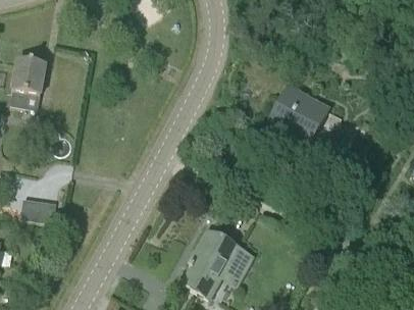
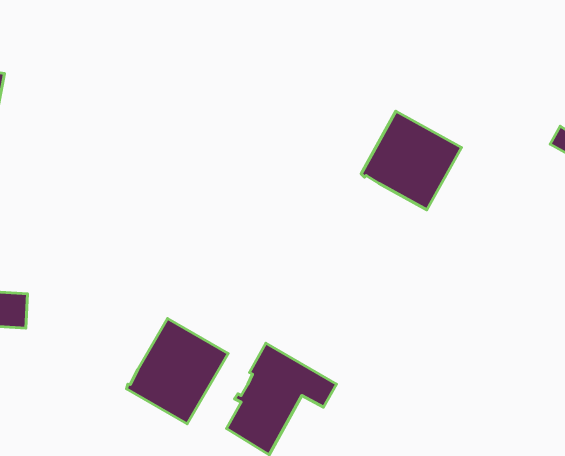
building: none -> [127,319,228,424]

